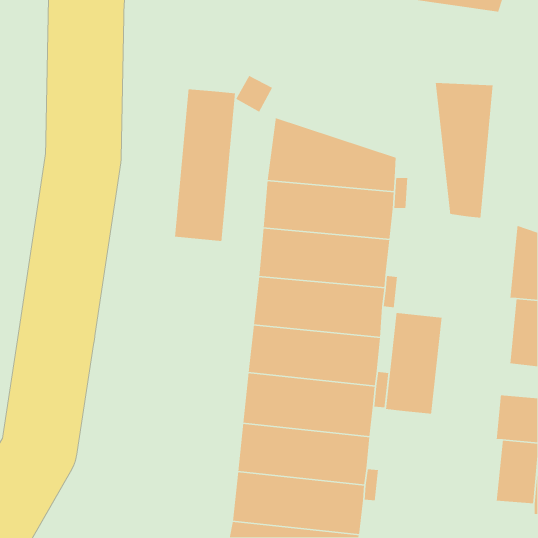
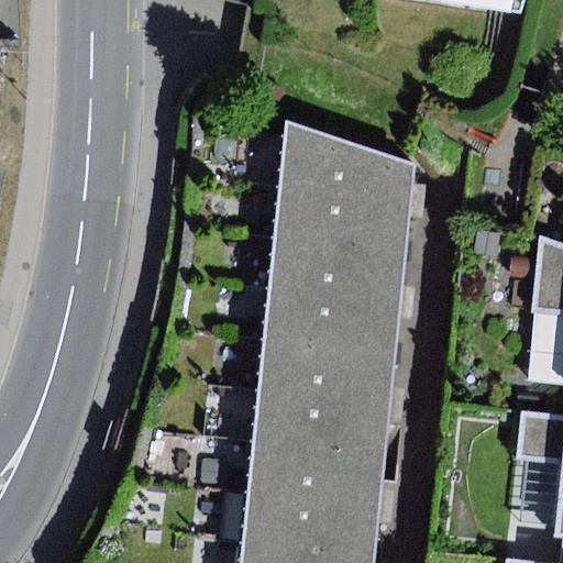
building: [435,82,493,219] -> none
building: [174,88,236,242] -> none
building: [385,312,442,415] -> none

